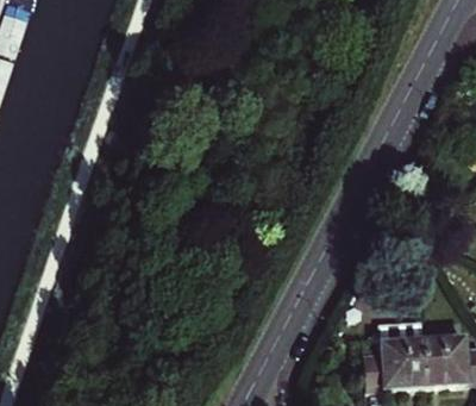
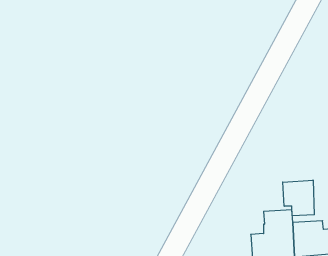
building: none -> [283,180,314,216]

